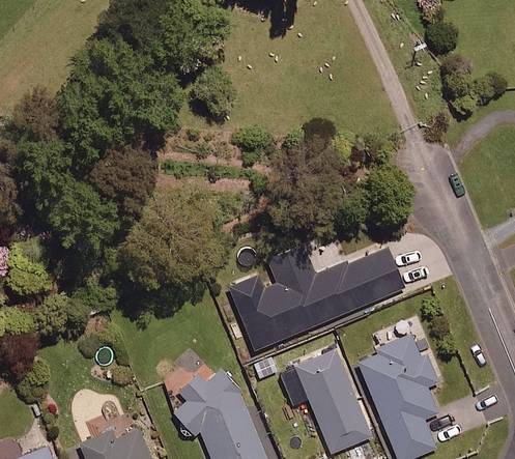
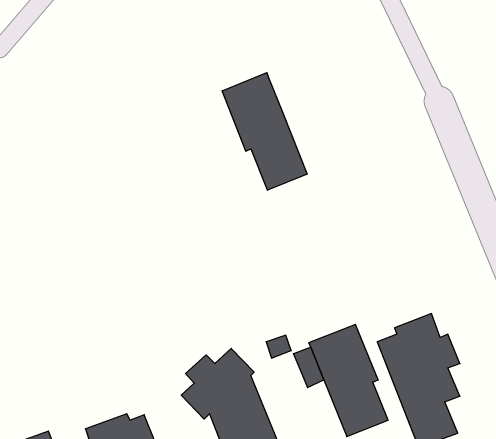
building: none -> [222,73,307,190]
building: [231,246,405,347] -> none

